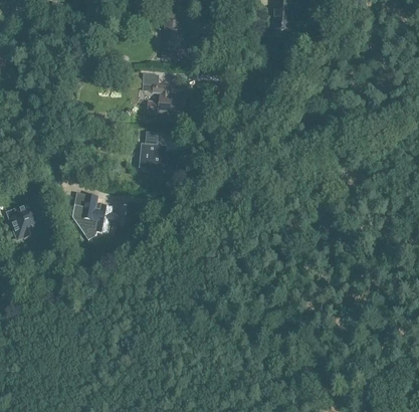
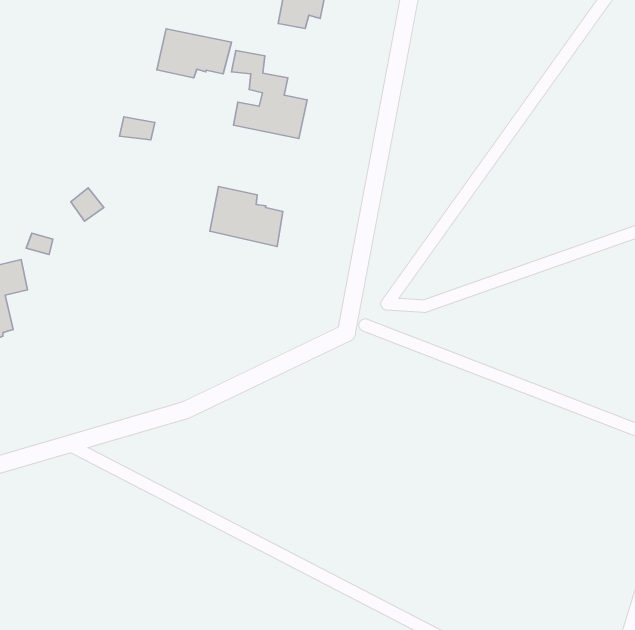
building: none -> [157,29,231,78]
building: [70,191,111,238] -> none

